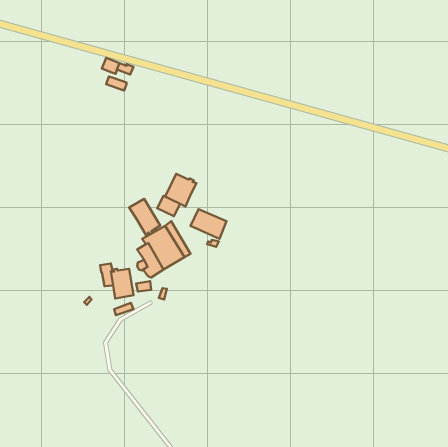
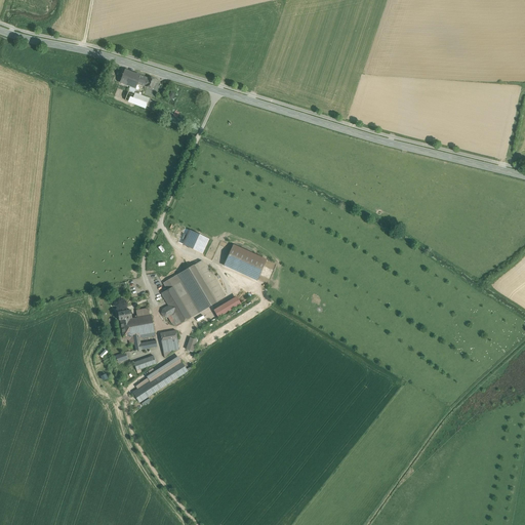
building: [165,174,196,206] -> none
building: [129,199,160,235] -> none
building: none -> [132,354,188,401]

